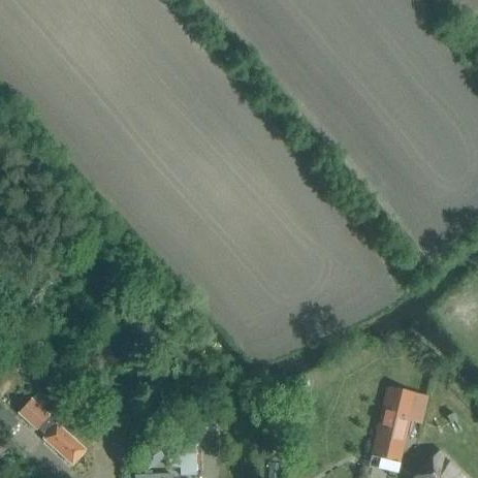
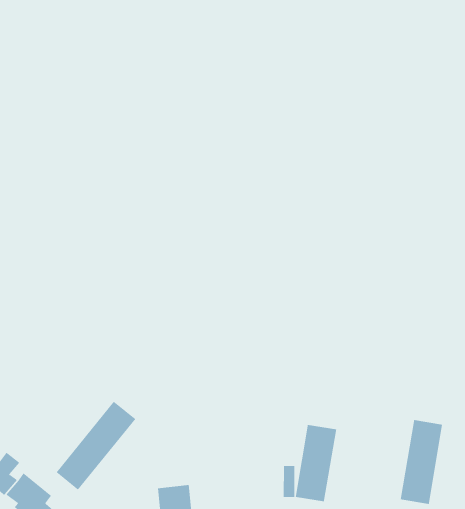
building: none -> [56,401,136,490]
building: none -> [295,424,337,502]

